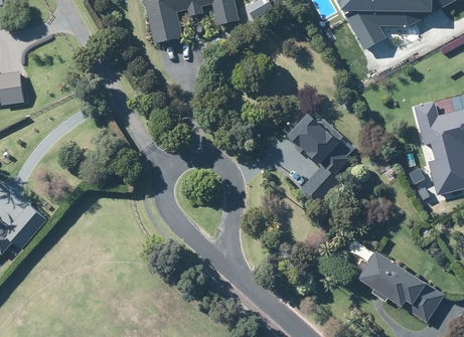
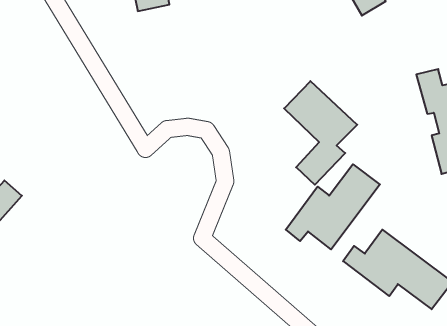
building: none -> [286,164,380,249]

